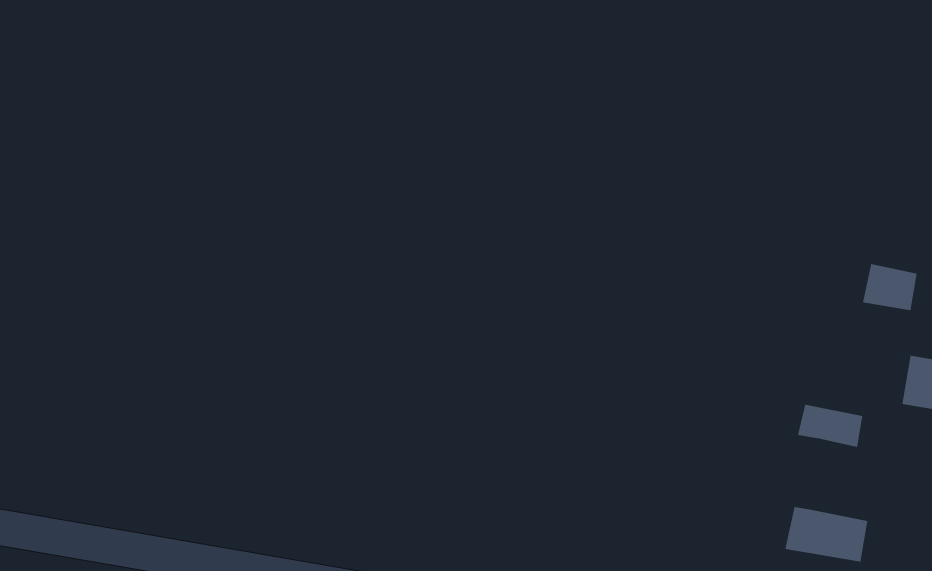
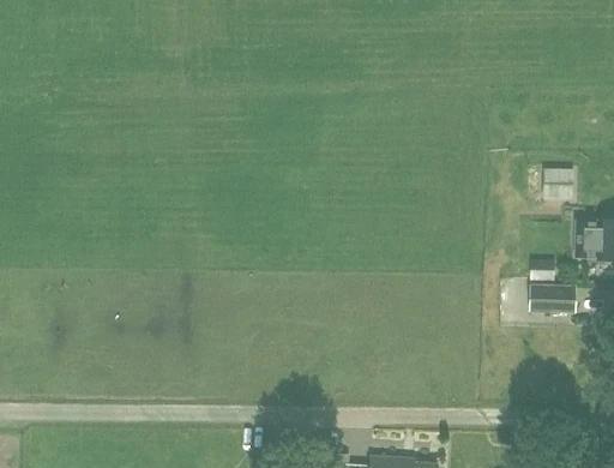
building: [785,506,868,562] -> [530,284,577,311]

